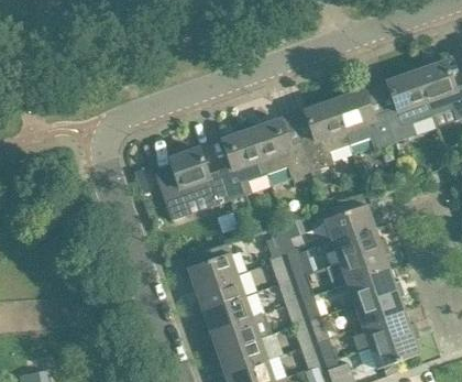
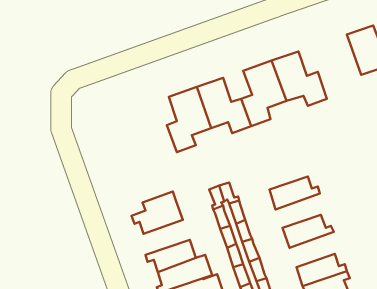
building: [385,70,432,141] -> none
building: [155,148,231,220] -> none
building: [324,201,375,240] -> none
building: [339,244,390,282] -> none
building: [194,273,245,312] -> none
building: [354,286,405,325] -> none

